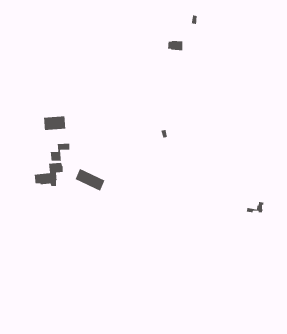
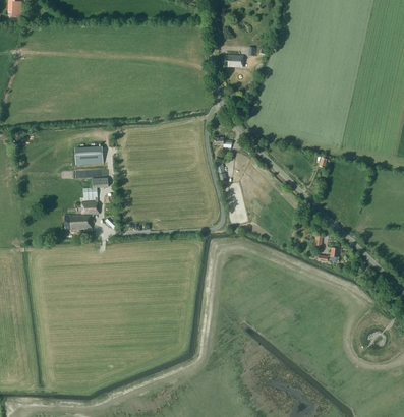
building: [74,168,106,192] -> none

